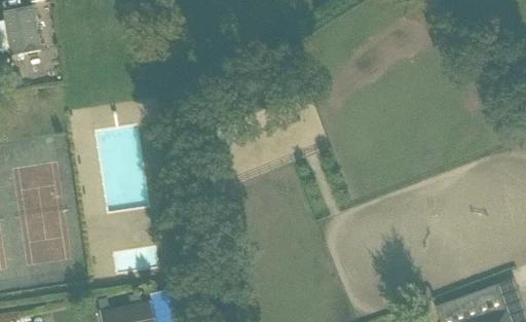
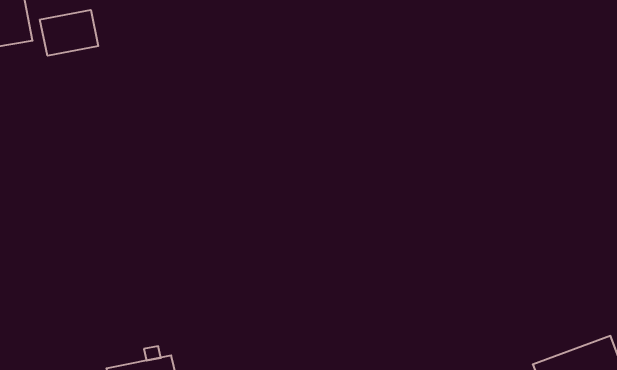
building: none -> [40,10,98,56]

